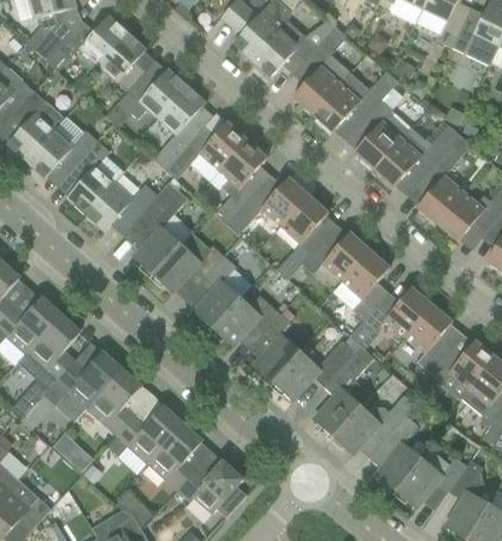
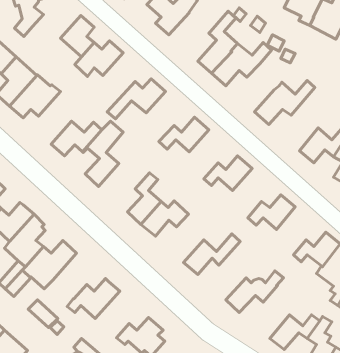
building: [58,14,126,64] -> none
building: [252,18,336,76] -> none
building: [153,84,205,168] -> none
building: [354,100,408,168] -> none
building: [417,133,471,224] -> none
building: [66,139,123,214] -> none
building: [214,139,266,224] -> none
building: [277,194,329,278] -> none
building: [152,242,224,291] -> none
building: [342,249,389,319] -> none
building: [404,303,453,371] -> none
building: [253,314,301,382] -> none
building: [313,345,373,435] -> none
building: [87,369,141,434] -> none
building: [376,415,423,491] -> none
building: [147,423,201,489] -> none

